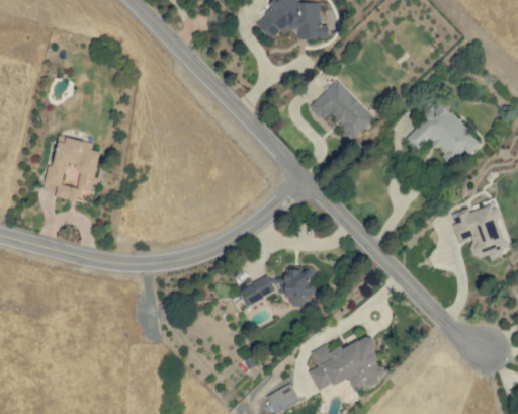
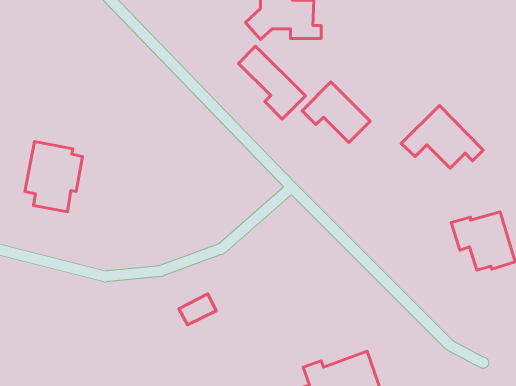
building: none -> [238,46,305,119]
building: [281,268,315,306] -> none
building: [239,276,274,306] -> [179,294,216,325]

